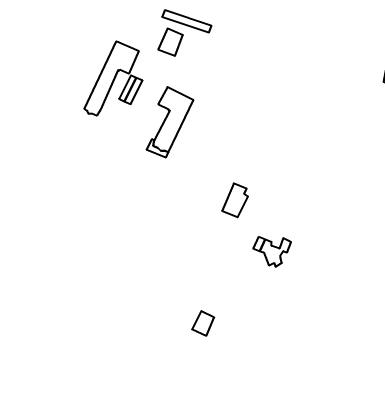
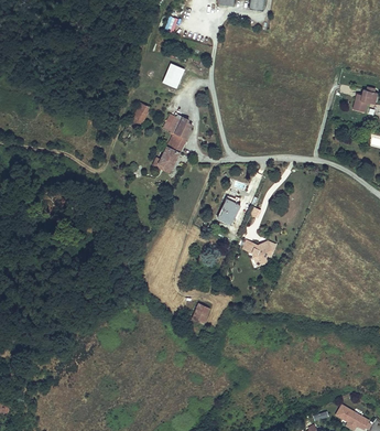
building: [84,41,139,116] -> none

